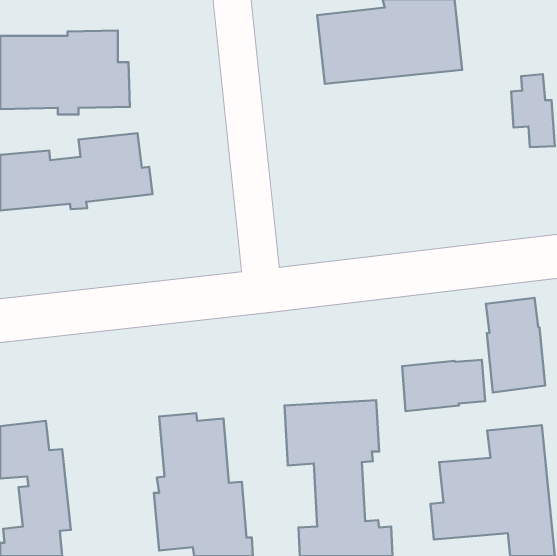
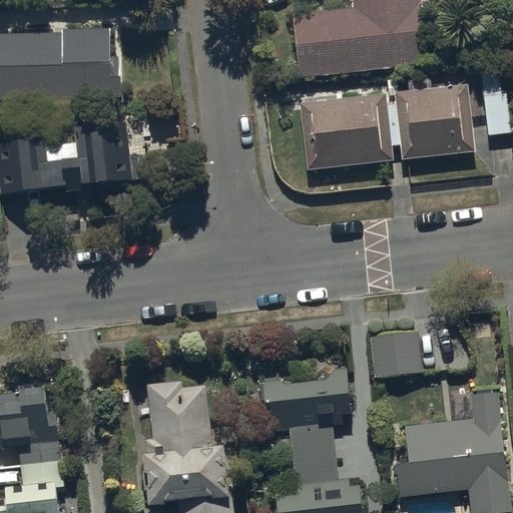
building: none -> [300,74,473,169]
building: [486,298,545,392] -> none

